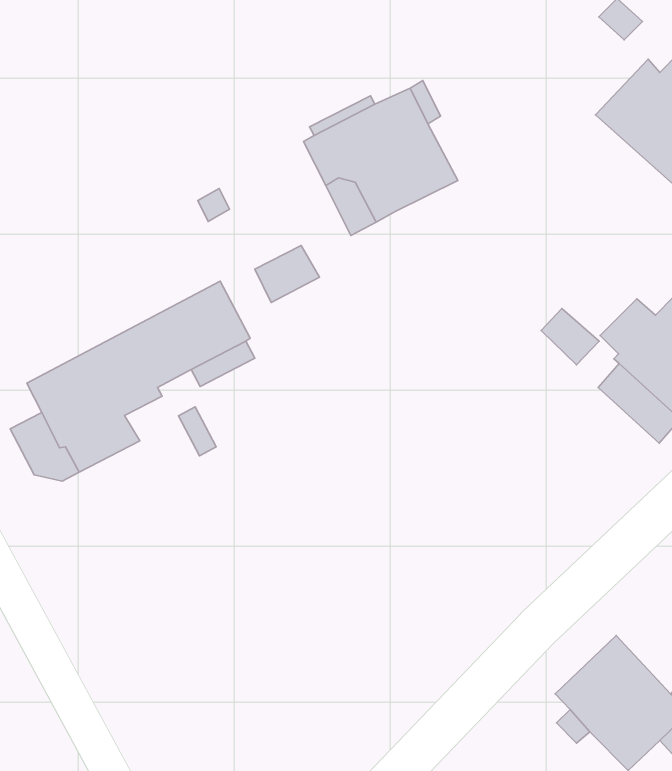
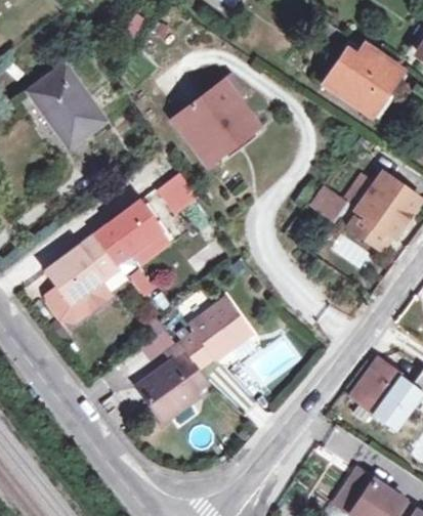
building: none -> [34,66,104,142]
building: none -> [137,298,250,420]

